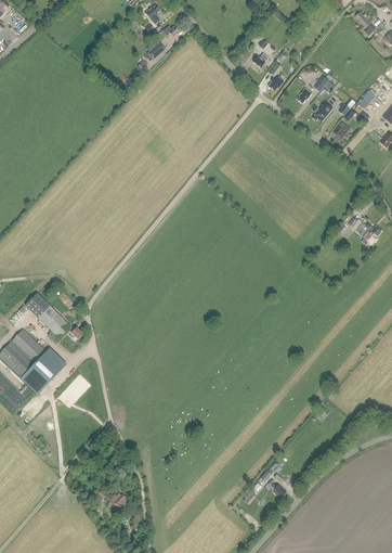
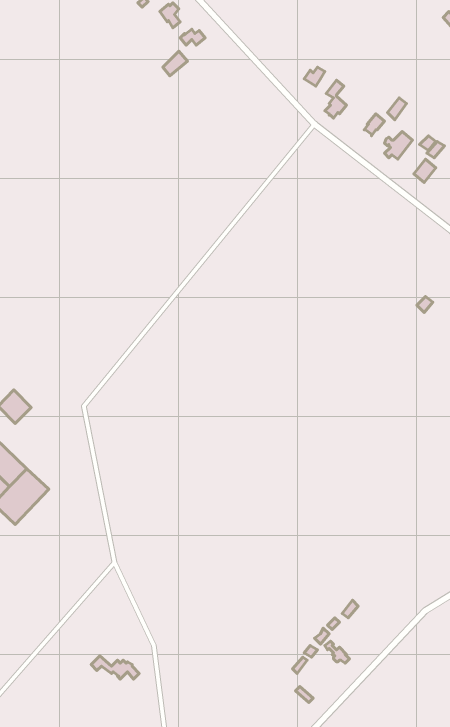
building: [38,306,83,338] -> none

